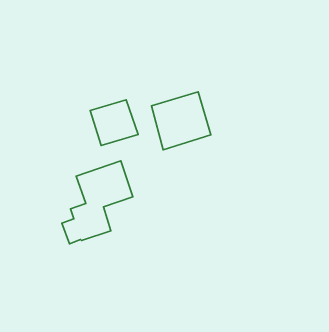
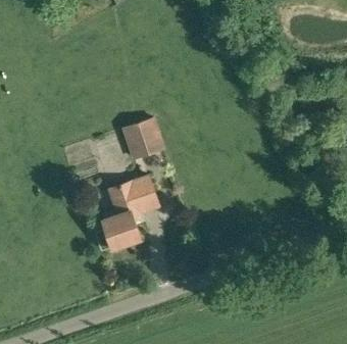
building: [152,92,211,150] -> none

